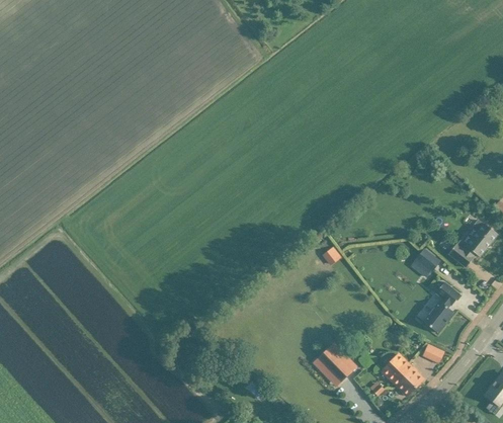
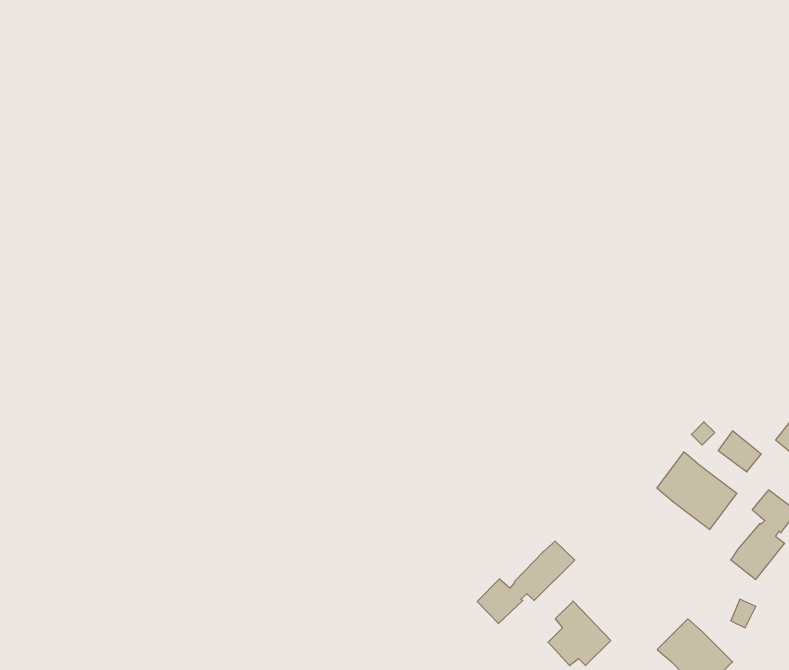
building: none -> [657,452,737,530]
building: none -> [477,541,575,624]

